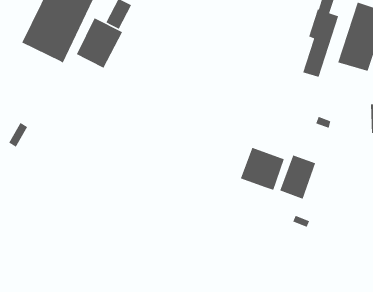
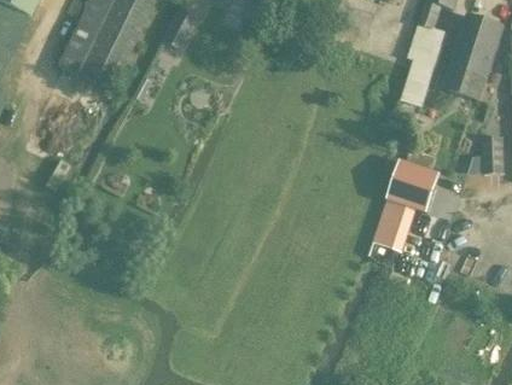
building: [74,17,123,69] -> none
building: [240,147,285,191] -> [386,157,441,210]

